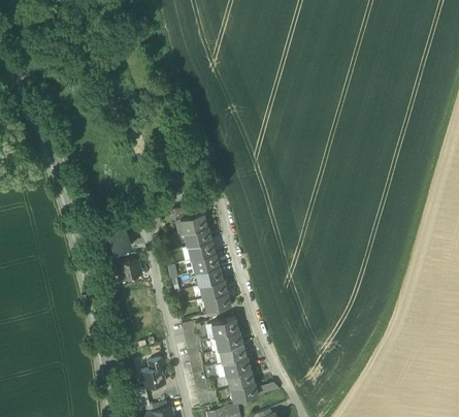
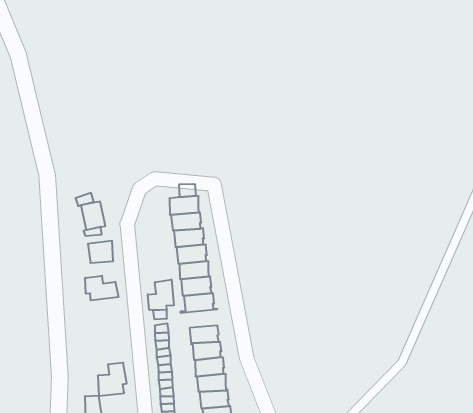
building: none -> [148,279,174,310]
building: none -> [85,276,118,300]

